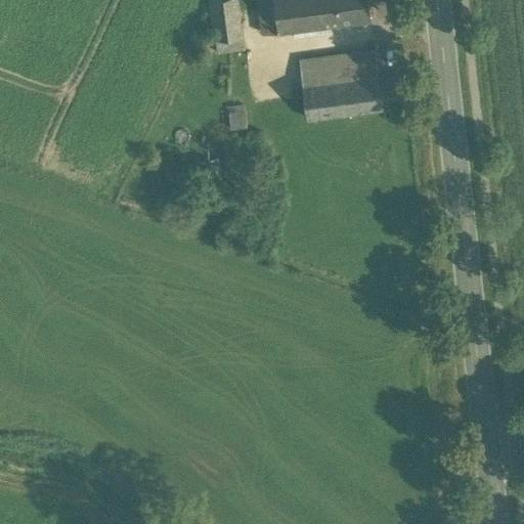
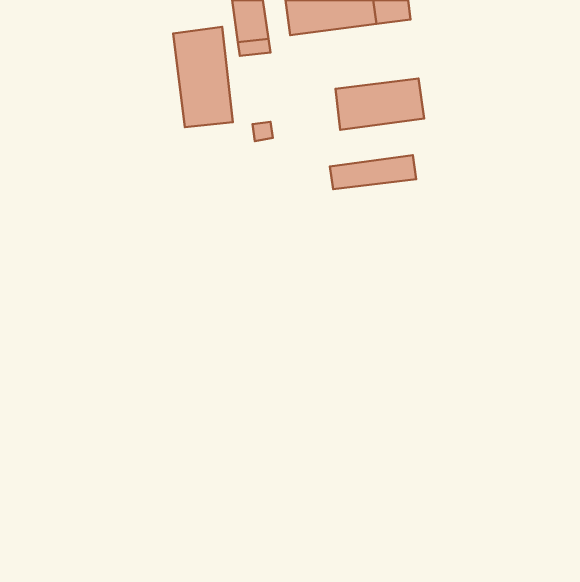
building: none -> [173,27,233,127]
building: [299,49,377,80] -> [330,155,416,189]

